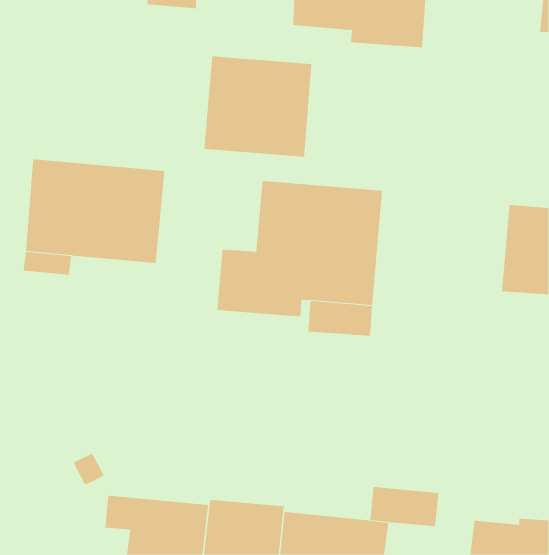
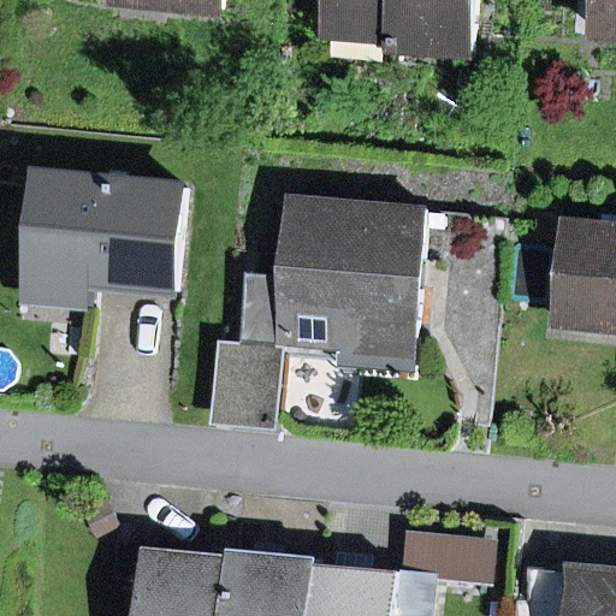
building: [204,56,312,158] -> none
building: none -> [211,340,284,430]

